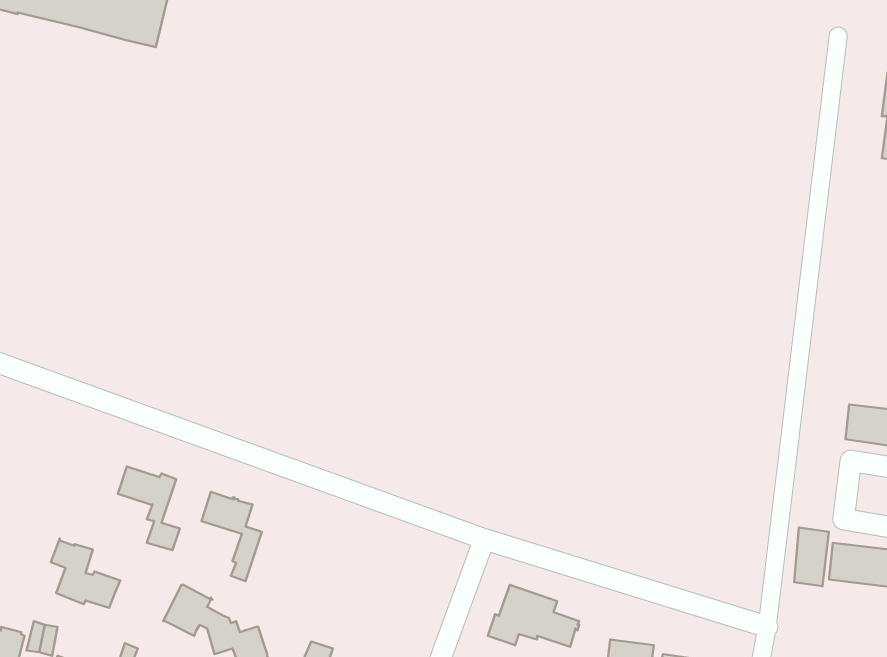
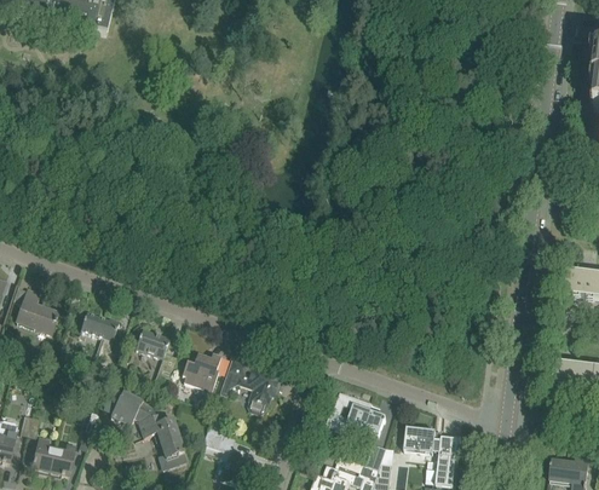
building: [794,527,829,586] -> none
building: none -> [182,353,220,394]
building: none -> [219,359,280,413]
building: [51,539,120,608] -> [12,286,58,332]

